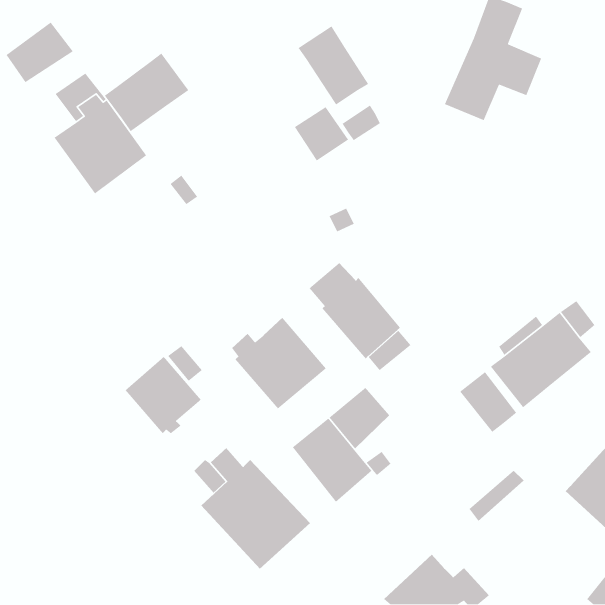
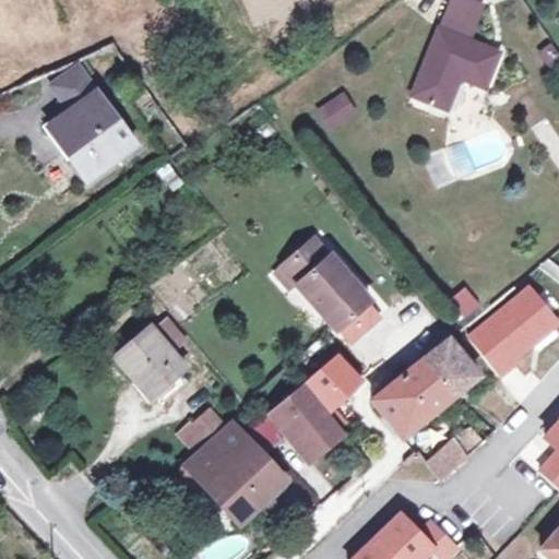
building: [5,22,74,83] -> none
building: [298,26,369,106] -> none
building: [104,52,189,132] -> none
building: [294,106,349,162] -> none
building: [231,317,327,410] -> none
building: none -> [372,360,454,437]

